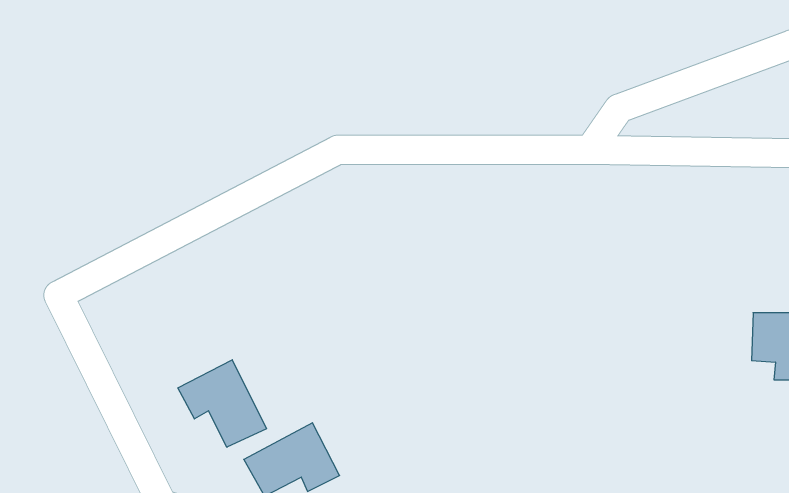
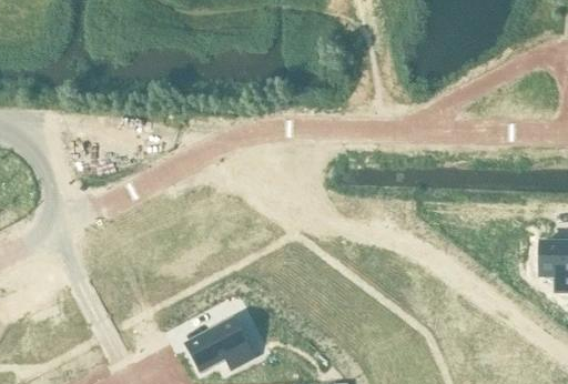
building: [178,360,266,447] -> none

